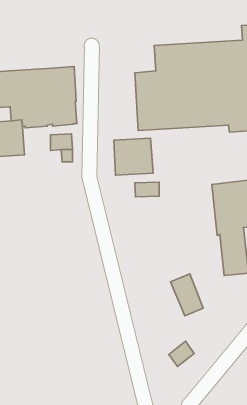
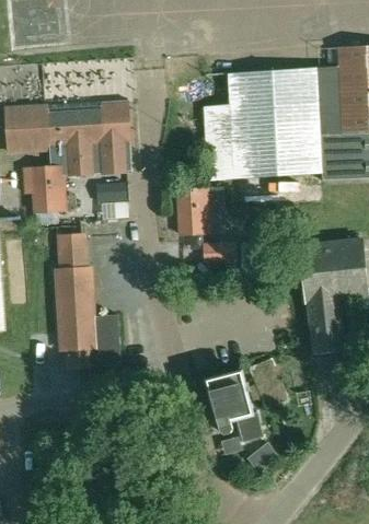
building: none -> [58,233,119,368]
building: none -> [207,371,263,443]

